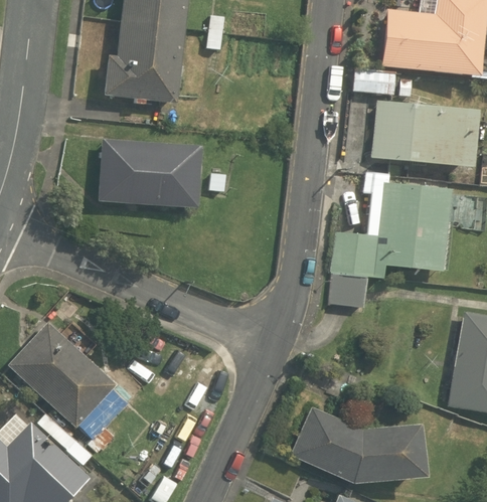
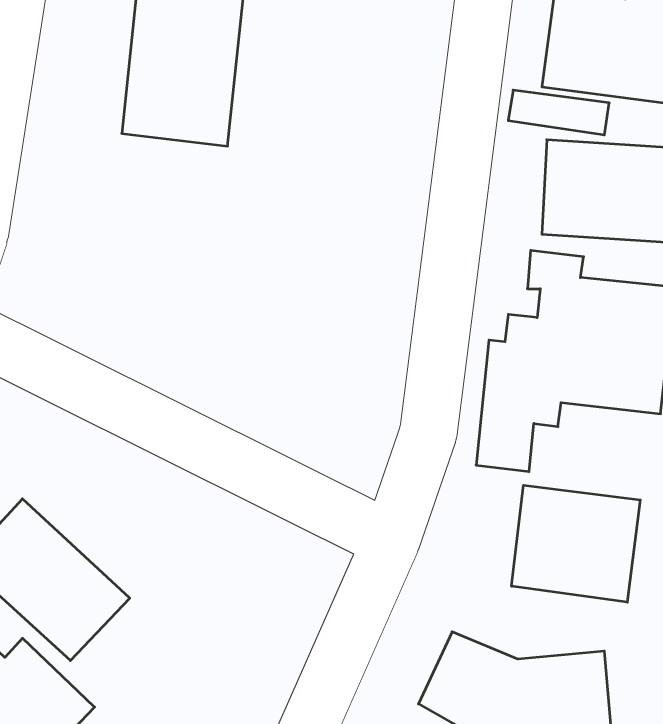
building: [104,139,201,206] -> none
building: none -> [512,485,640,602]

